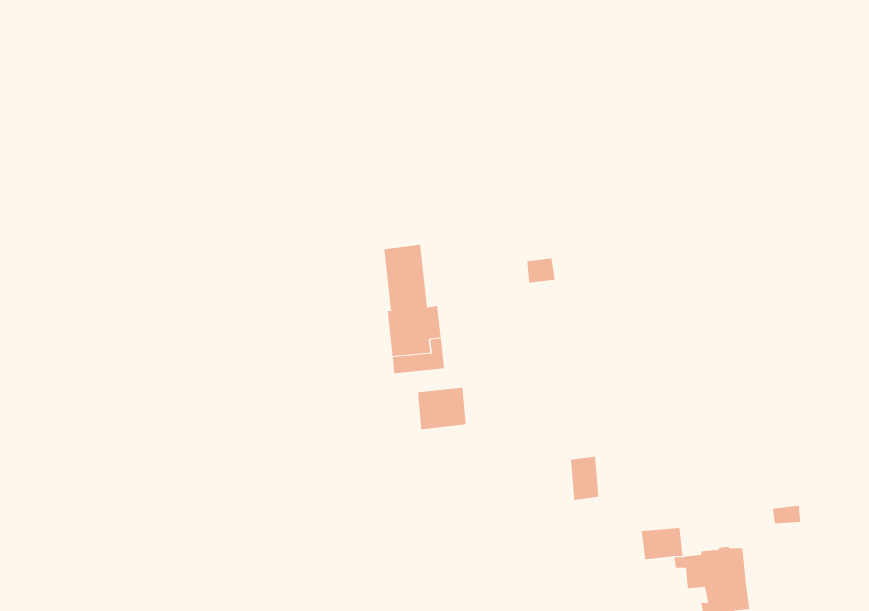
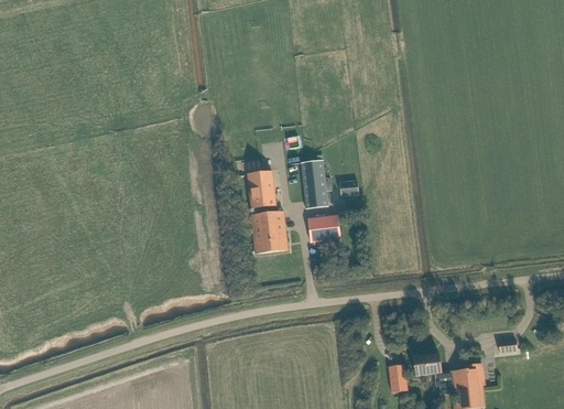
building: none -> [301,160,332,208]
building: [417,387,467,430] -> [308,215,340,243]
building: [570,456,599,500] -> [389,364,408,392]

